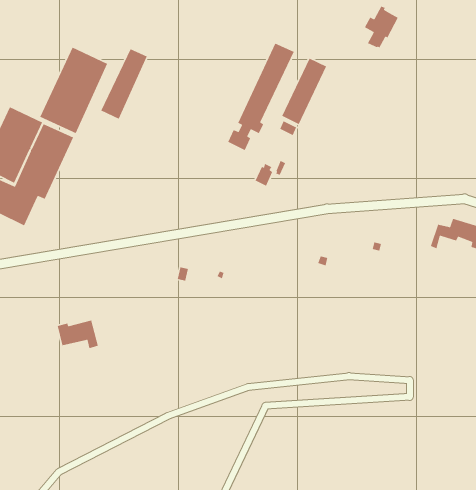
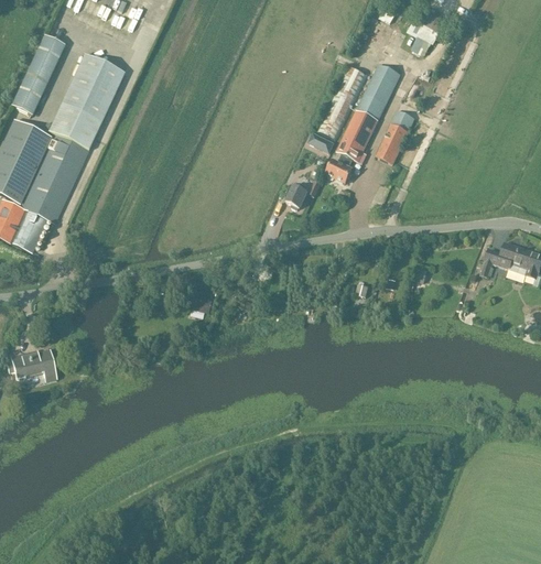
building: [227,43,295,151] -> [325,63,400,183]
building: [100,48,148,120] -> [11,35,64,115]
building: none -> [375,109,414,164]
building: [57,319,99,349] -> [10,349,56,382]

